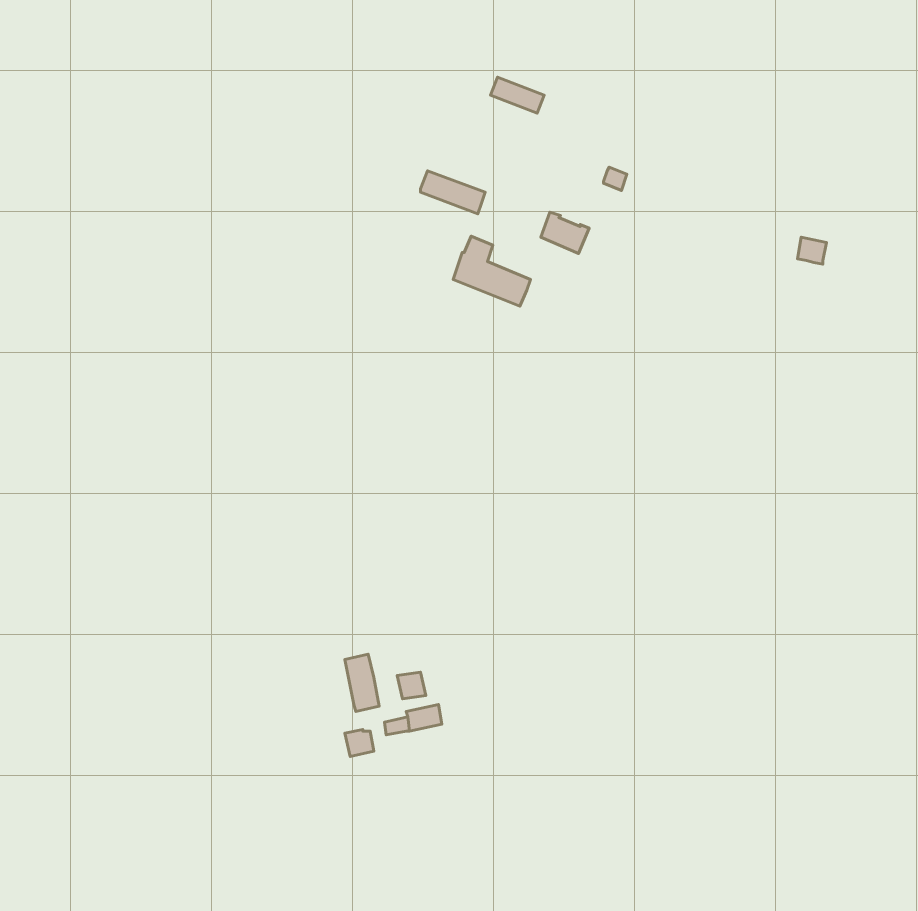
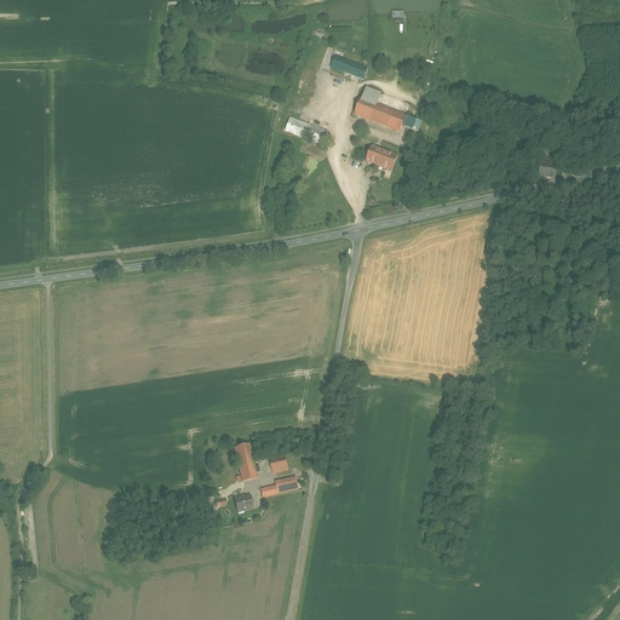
building: [453,236,531,306] -> [354,85,406,132]

